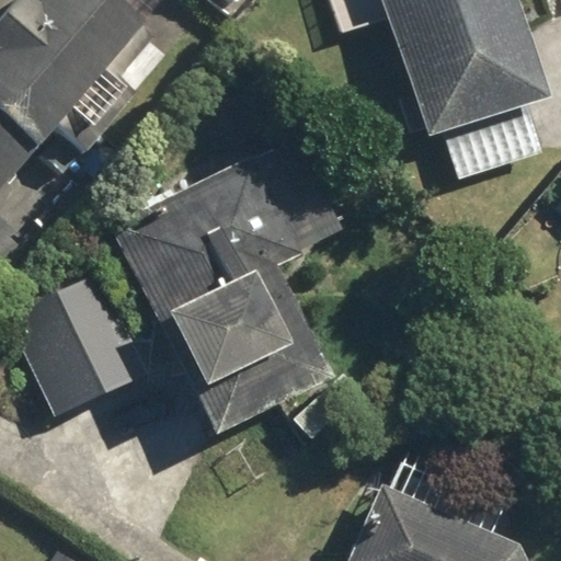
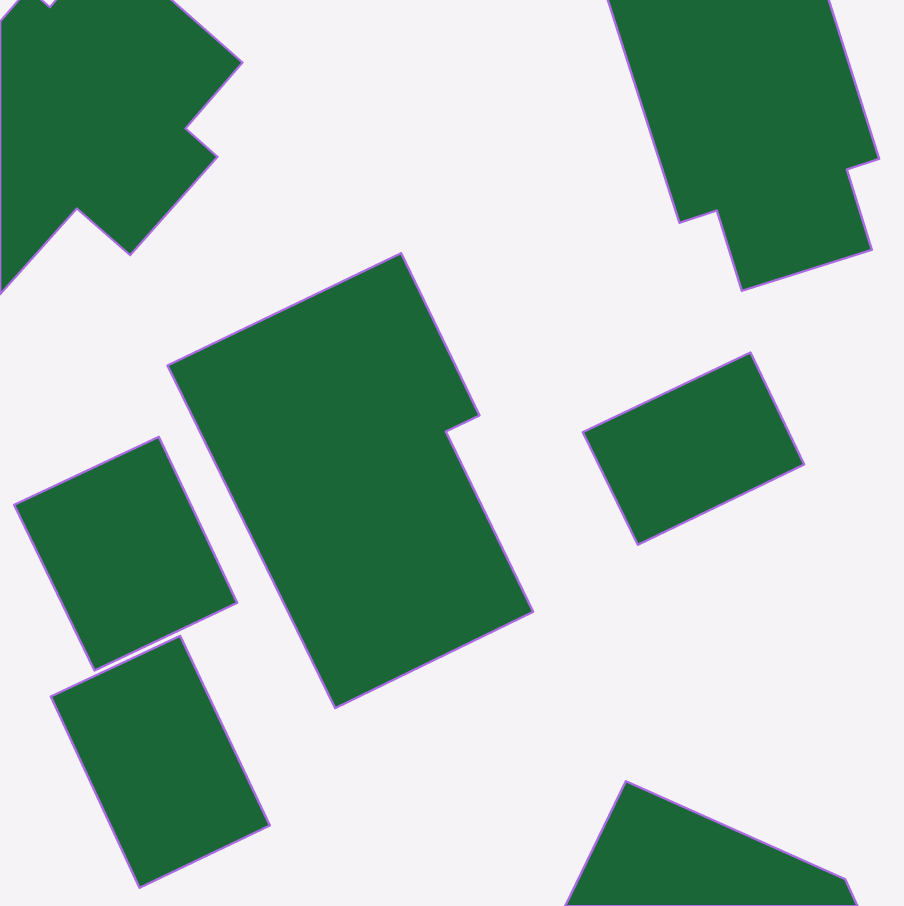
building: none -> [583,353,804,545]
building: none -> [51,636,270,888]

